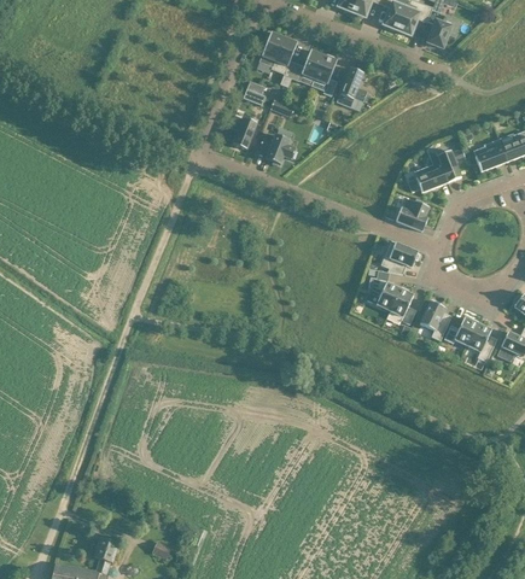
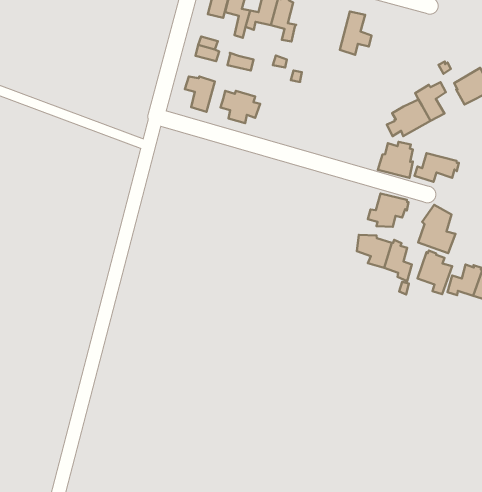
building: [337,68,367,107] -> [340,11,372,55]
building: none -> [414,153,459,182]
building: none -> [418,205,456,253]

